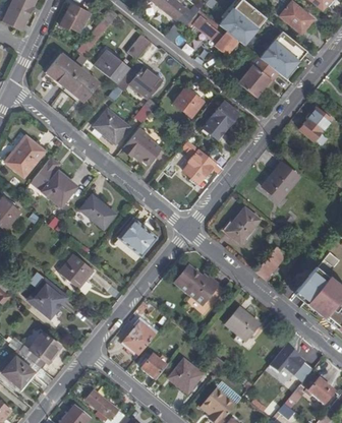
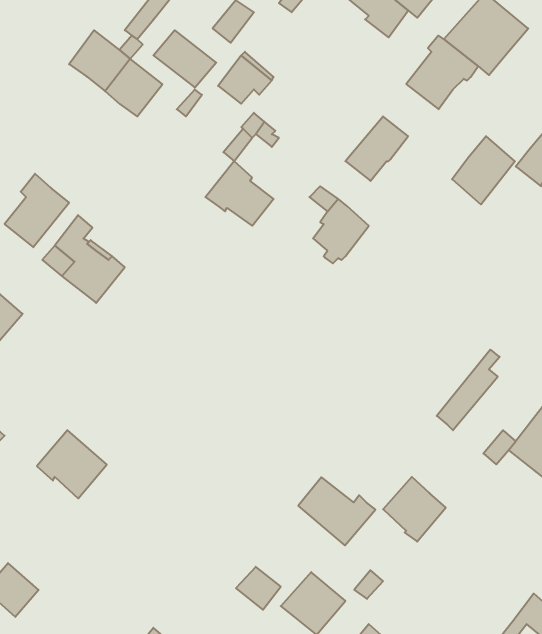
building: [175,87,202,115] -> none
building: [91,109,128,145] -> none
building: [262,163,297,201] -> [452,136,515,204]
building: [79,192,116,228] -> none
building: [224,207,259,243] -> none
building: [117,216,157,254] -> none
building: [58,251,94,286] -> none
building: [174,267,218,306] -> [298,477,375,545]
building: [118,323,152,357] -> none
building: [18,333,58,367] -> none
building: [268,345,303,375] -> none

